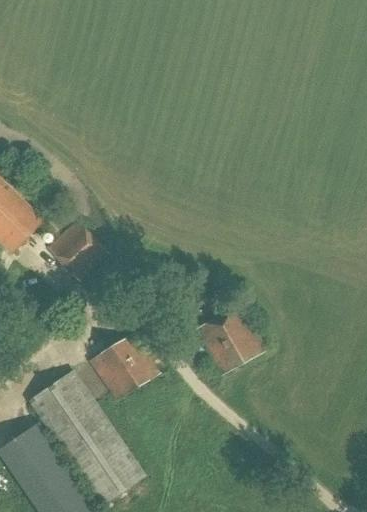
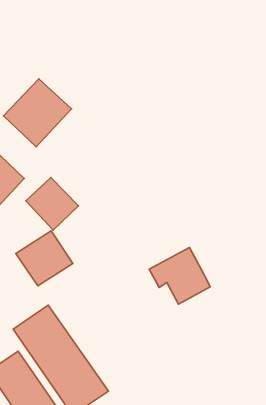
building: none -> [4,79,71,147]
building: [88,334,156,400] -> [16,231,73,286]

